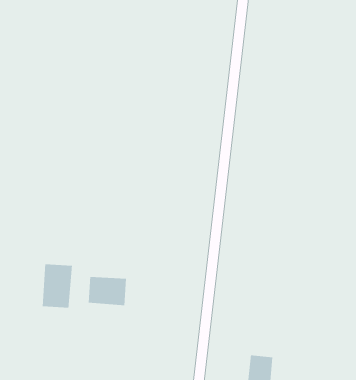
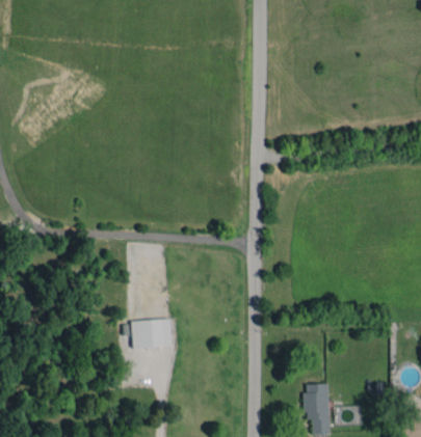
building: [42,263,72,309] -> none

